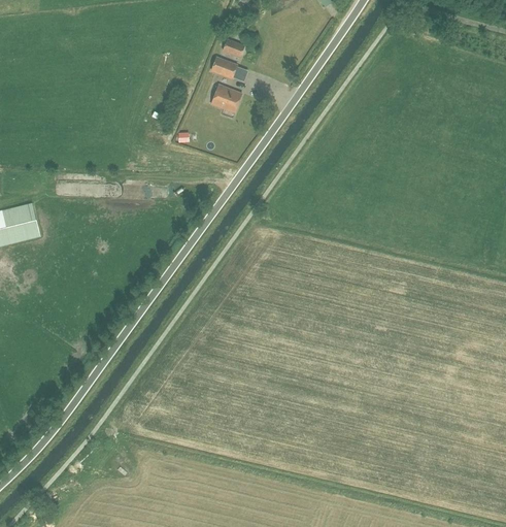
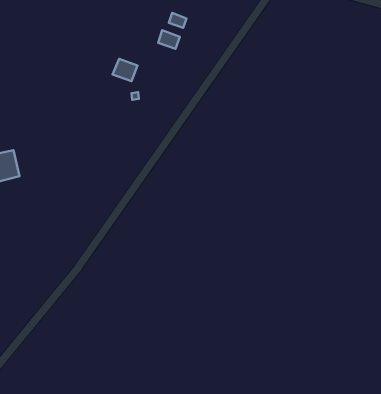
building: [209,86,240,113] -> [112,59,137,81]

